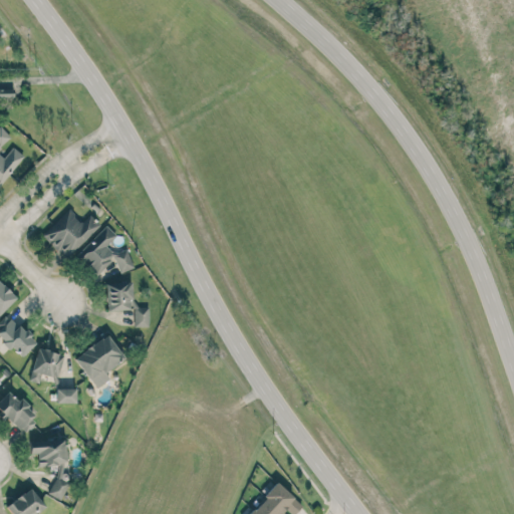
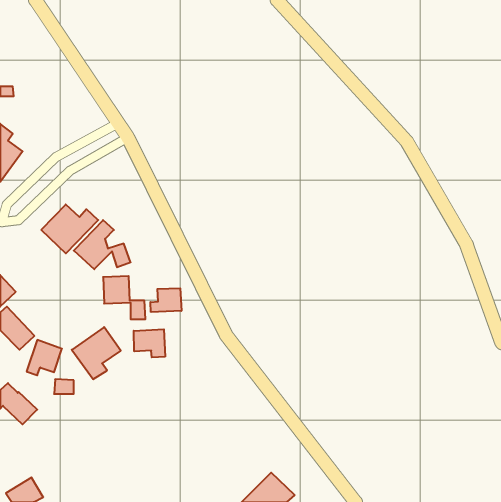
building: none -> [150,288,181,312]
building: none -> [134,329,165,357]
building: [30,439,68,500] -> none

